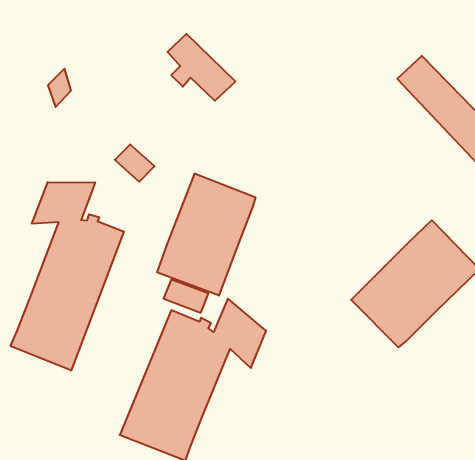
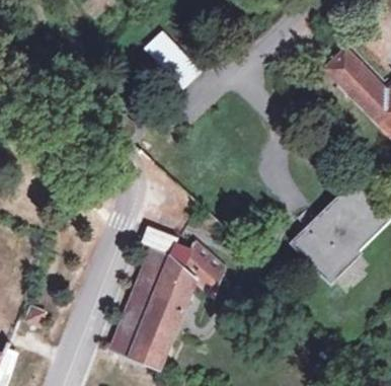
building: [157,173,255,296] -> none
building: [11,182,124,371] -> none

